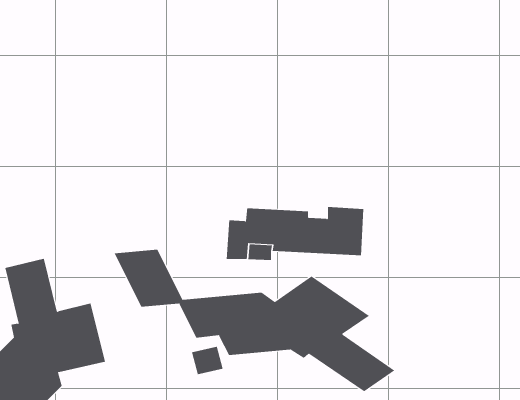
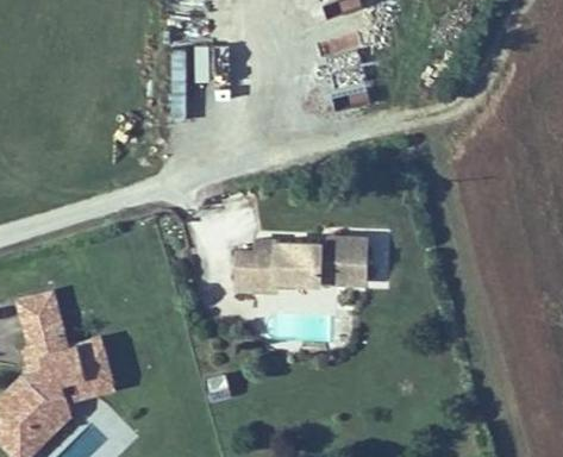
building: [114,249,396,392] -> none

